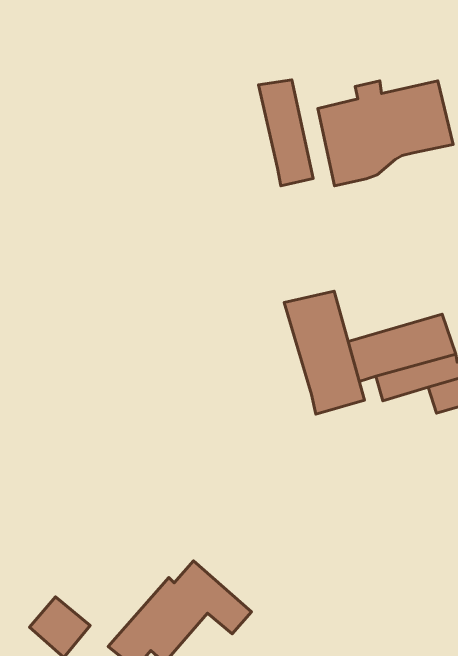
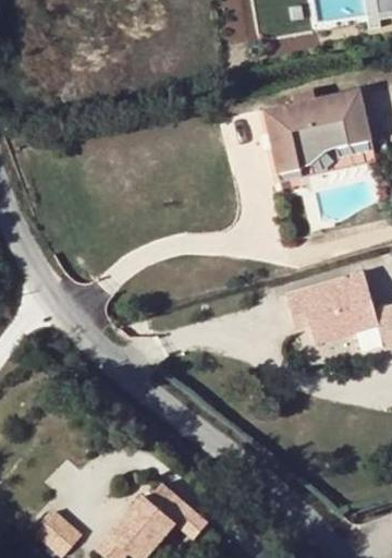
building: [258,80,313,186] -> none
building: [284,291,364,414] -> none

